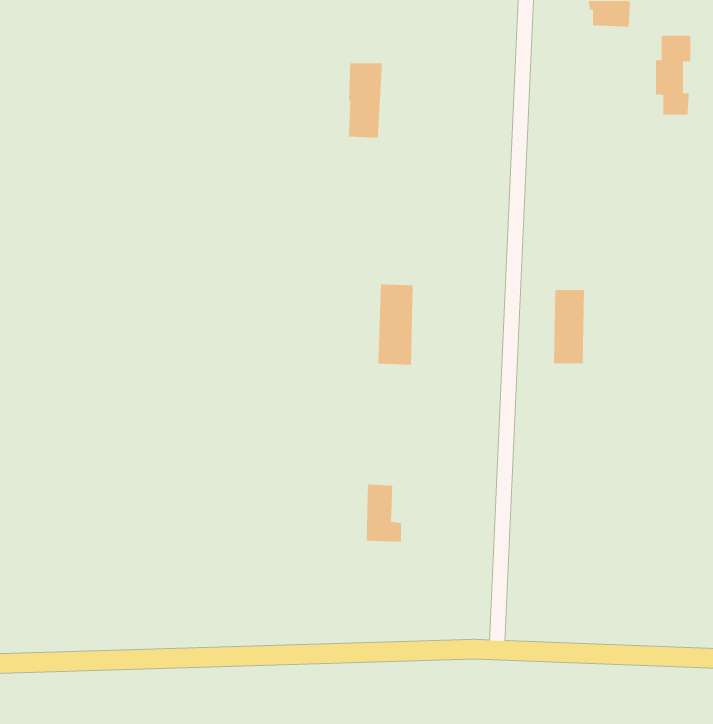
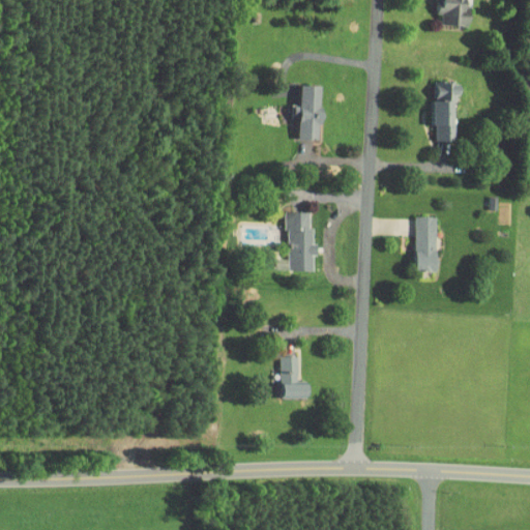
building: [655,35,691,116] -> [432,82,458,140]
building: [348,62,383,139] -> [298,85,323,140]

